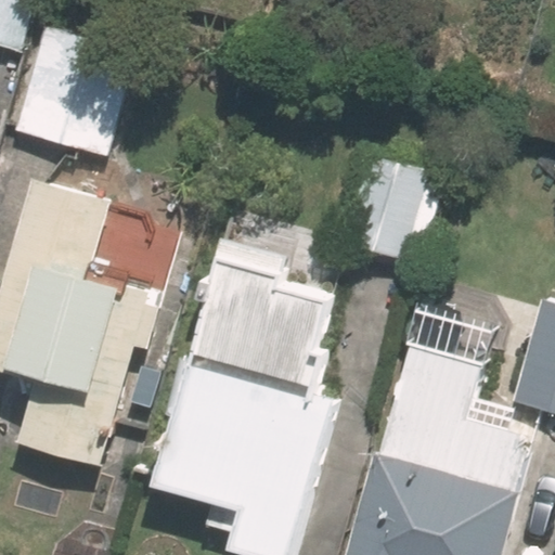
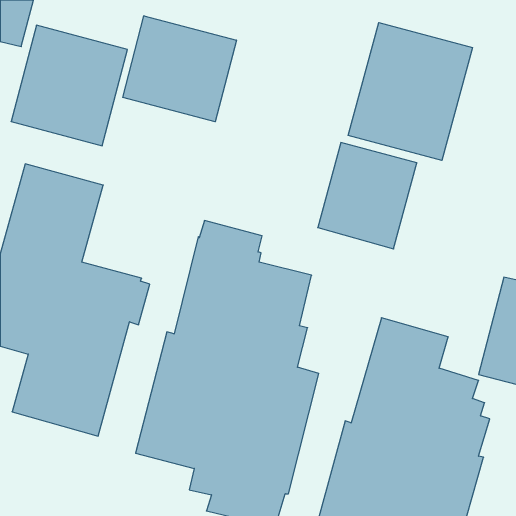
building: none -> [123,16,236,122]
building: none -> [348,23,472,160]

